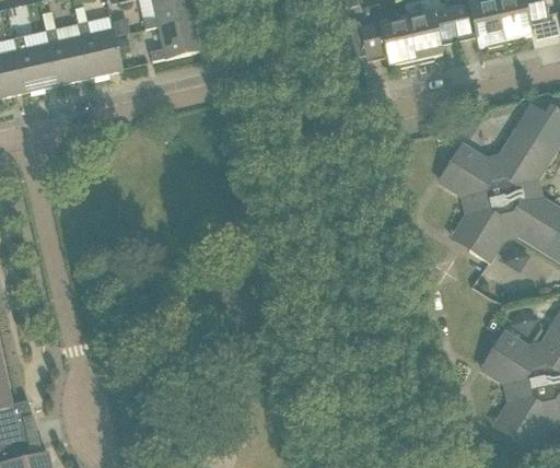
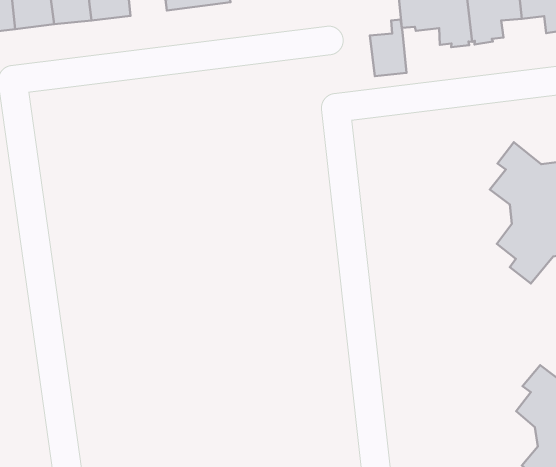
building: none -> [370,20,407,76]

